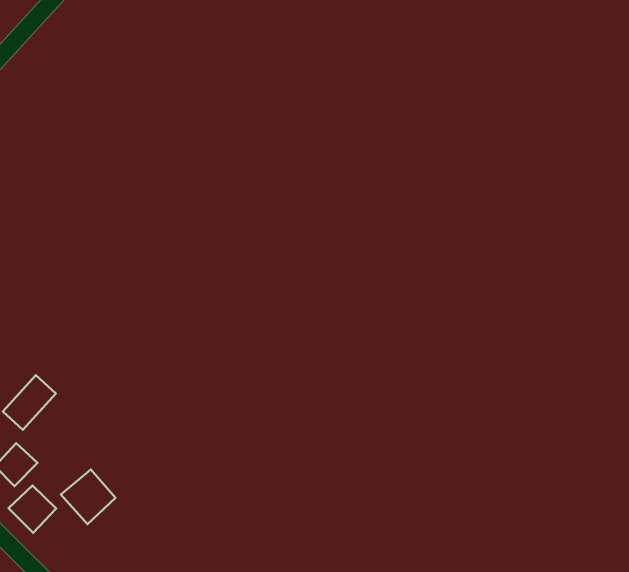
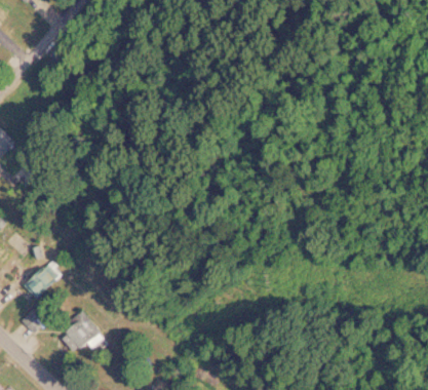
building: [8,485,56,533] -> none

